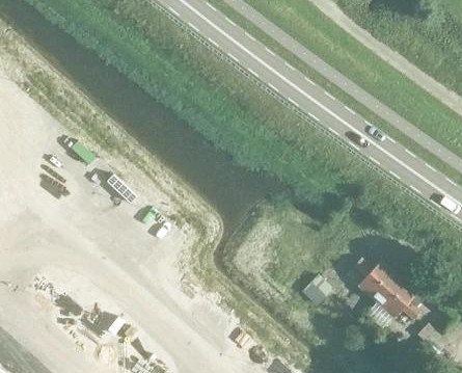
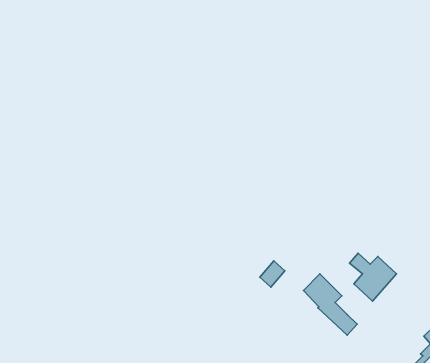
building: [369,273,416,317] -> none

